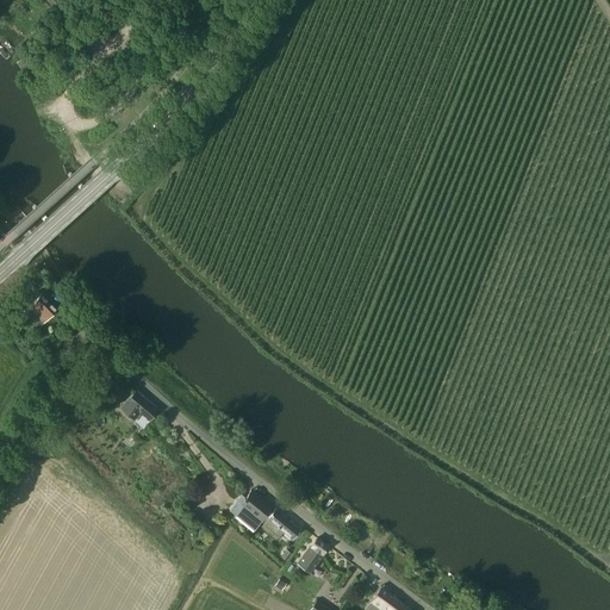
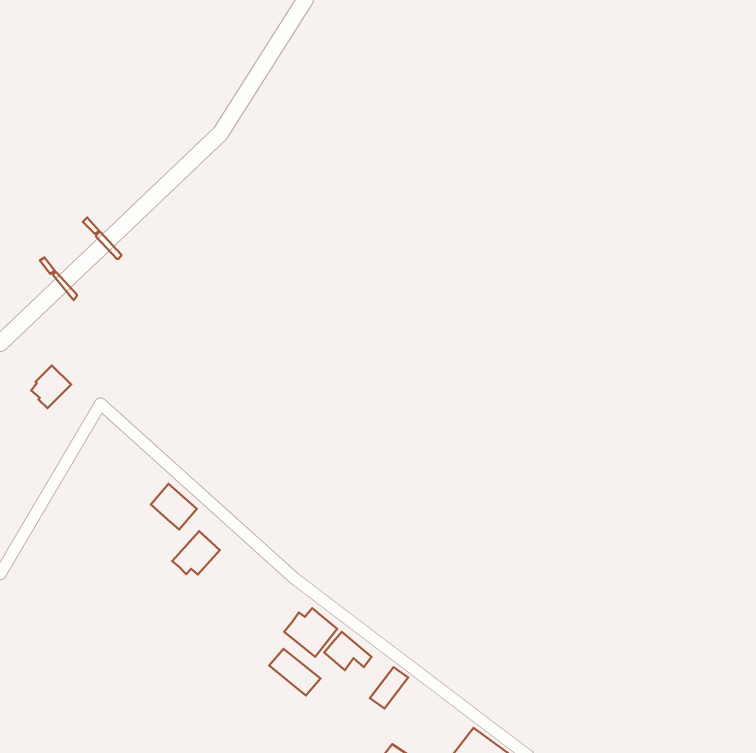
building: none -> [172,531,220,575]
building: none -> [269,649,320,695]

